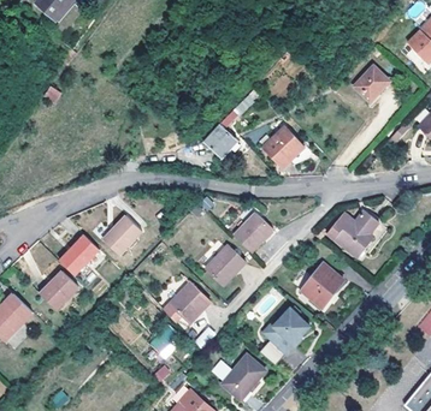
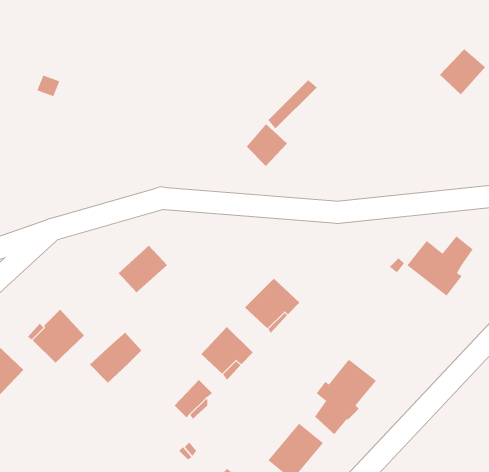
building: [261,126,302,167] -> none
building: [236,214,274,252] -> none
building: [59,233,100,273] -> [89,332,142,383]
building: [301,263,342,306] -> none

